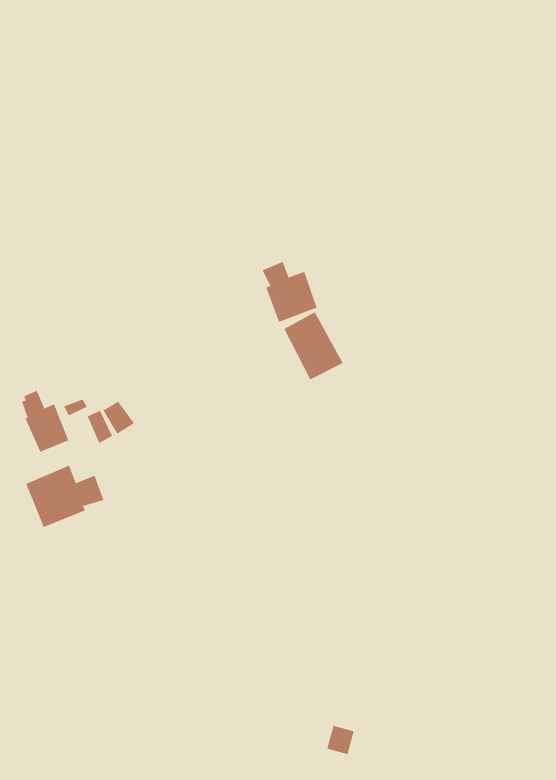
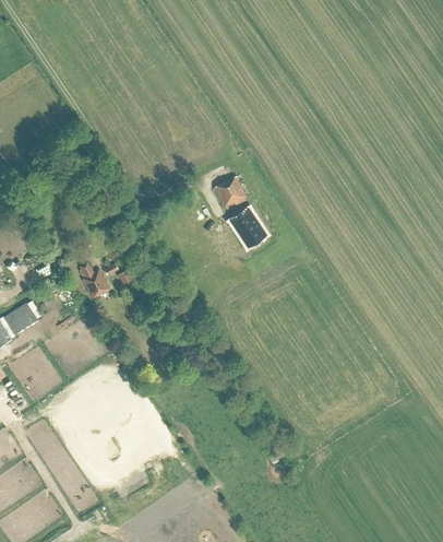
building: [25,465,104,528] -> none

